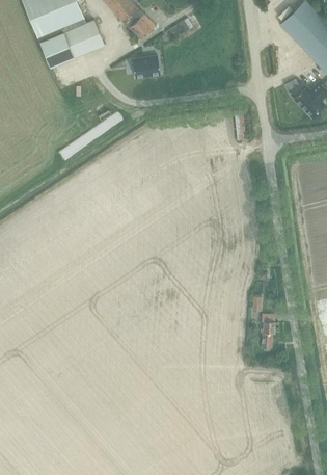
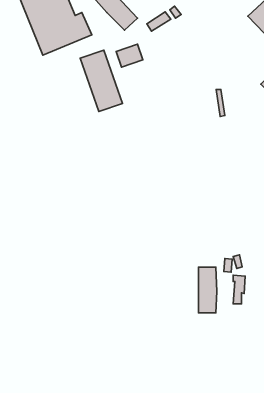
building: none -> [80,50,122,112]
building: none -> [199,267,217,313]

